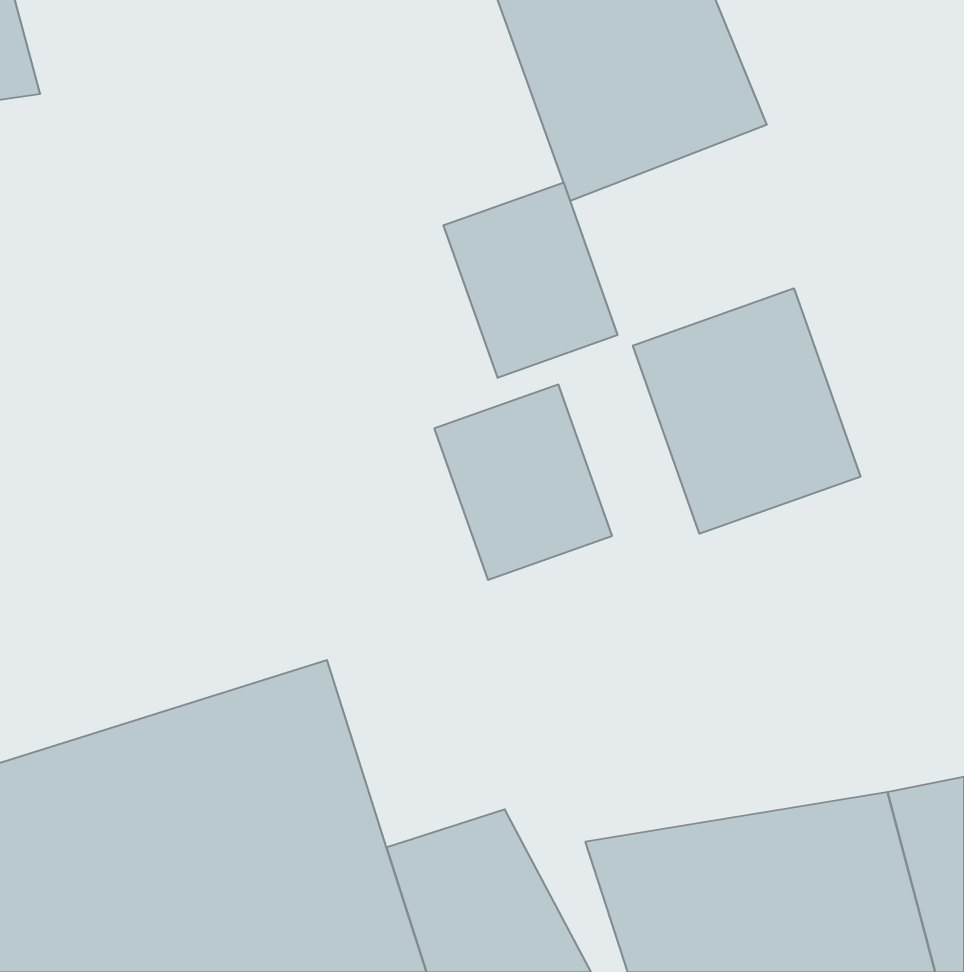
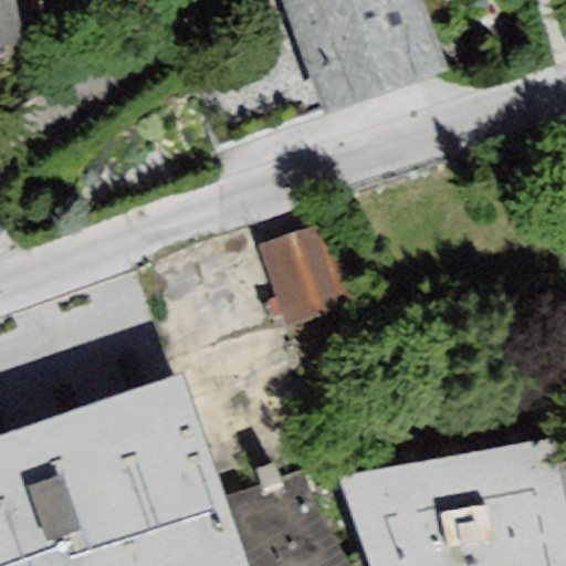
building: [444,183,617,378] -> none
building: [633,288,860,534] -> none

